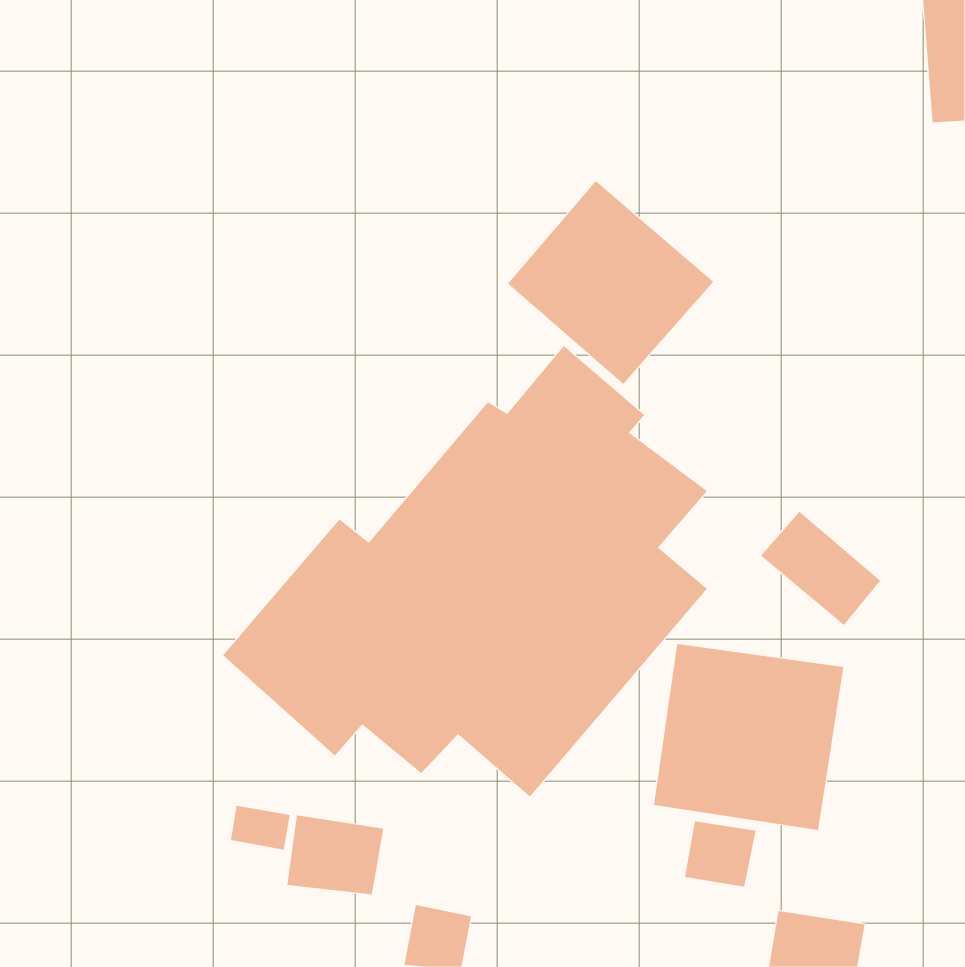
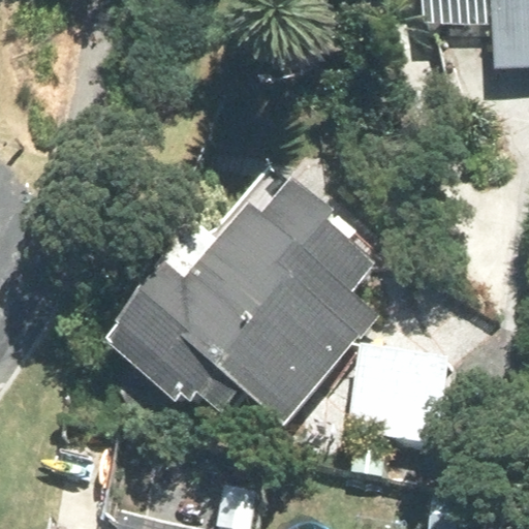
building: [507,180,714,385] -> none

